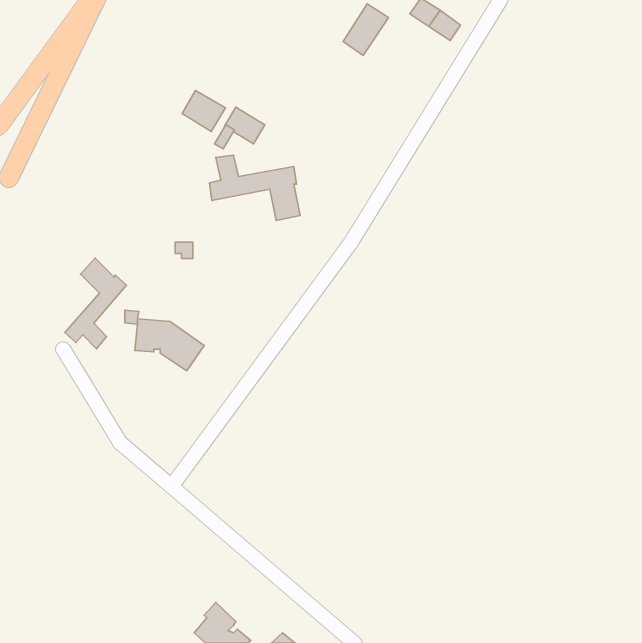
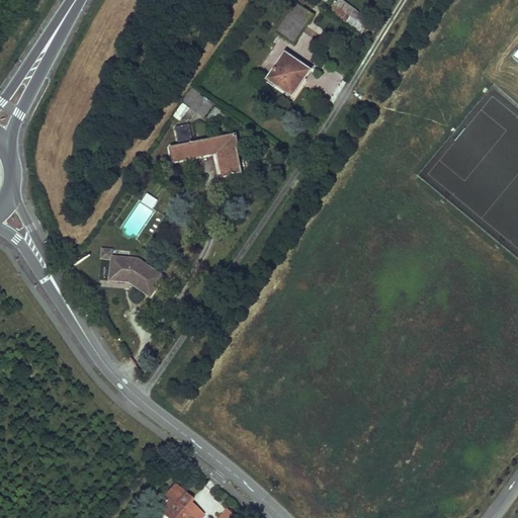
building: none -> [266,53,309,97]
building: [182,90,226,132] -> none
building: [65,258,127,349] -> none

